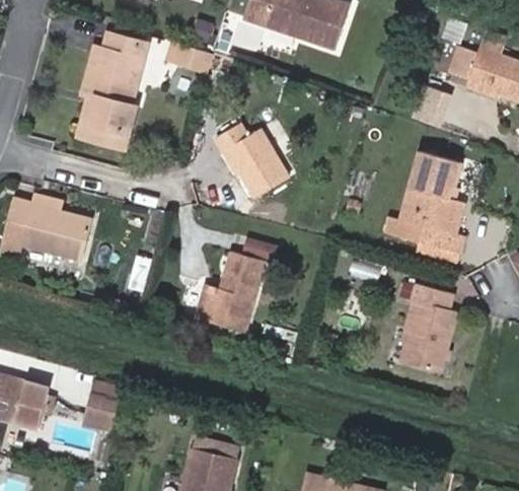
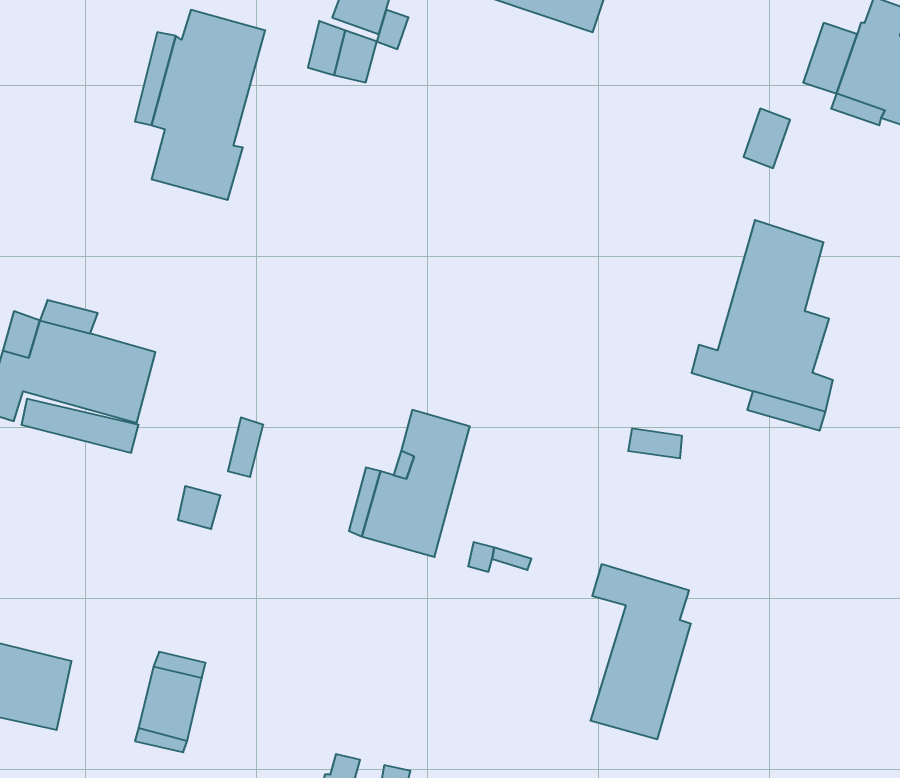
building: [79,96,133,152] -> none
building: [214,120,287,193] -> none
building: [401,277,456,372] -> [590,564,691,739]

